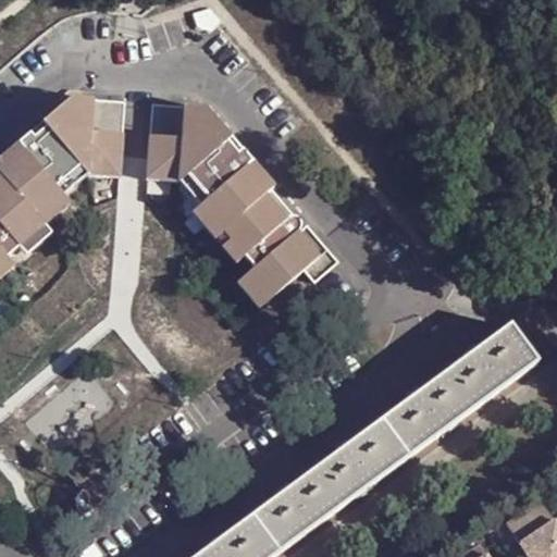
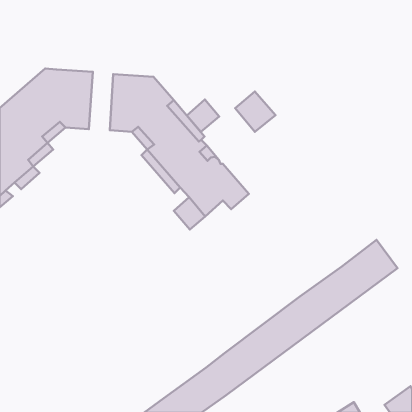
building: none -> [235,91,275,132]
building: none -> [187,99,219,132]

